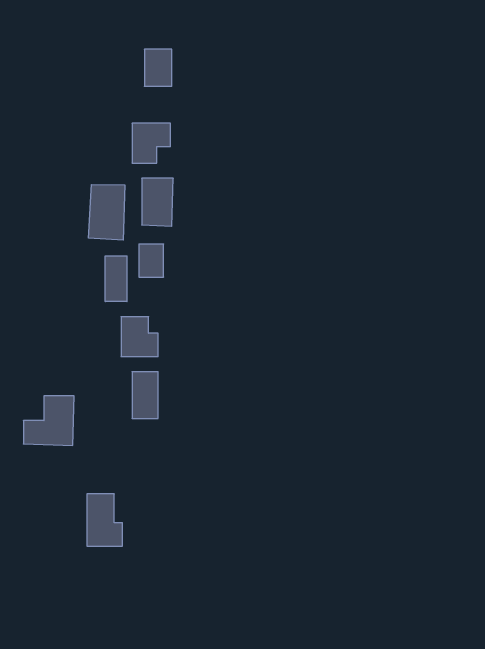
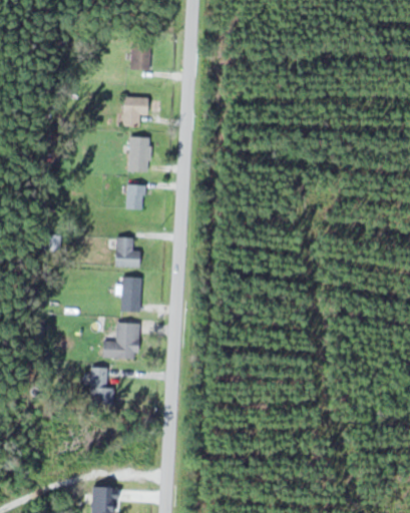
building: [89,185,125,240] -> none
building: [105,256,127,302] -> none
building: [23,396,74,445] -> [101,323,138,359]

